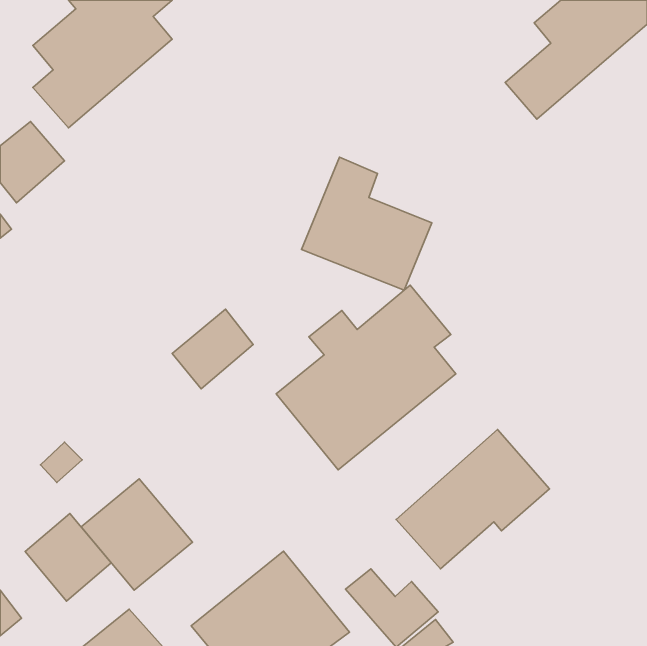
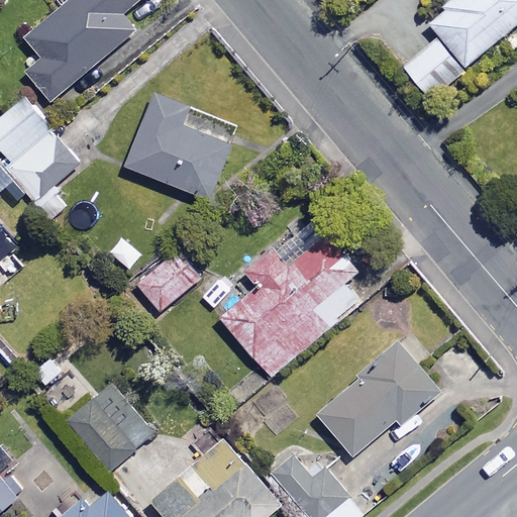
building: [302,157,432,290] -> [125,92,229,198]
building: none -> [8,129,80,200]
building: [25,513,111,601] -> none

